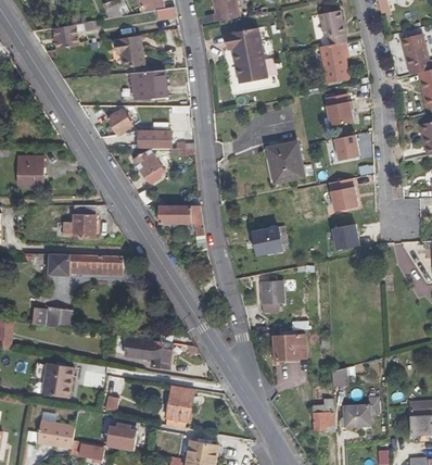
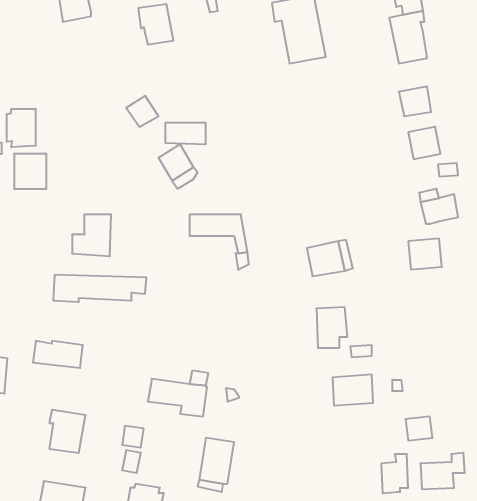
building: [131,68,166,98] -> none
building: none -> [7,109,36,147]
building: [266,141,304,183] -> none

